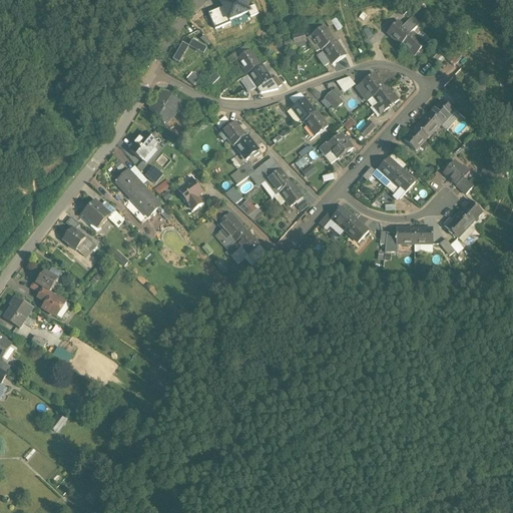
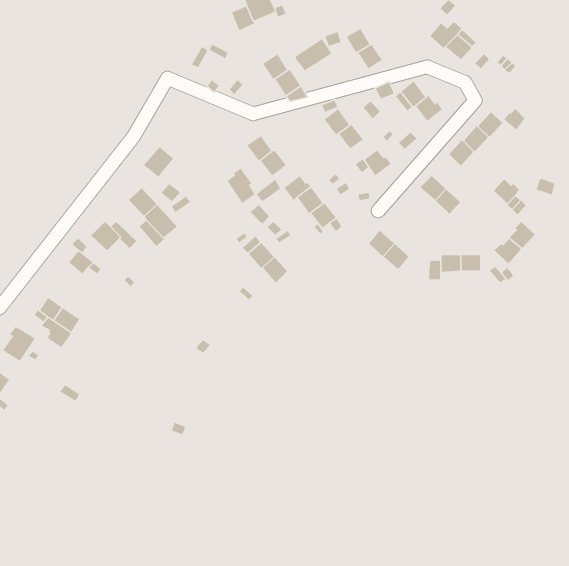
building: none -> [294,38,332,72]
building: [148,86,183,121] -> none
building: [178,176,204,209] -> [226,167,255,204]

